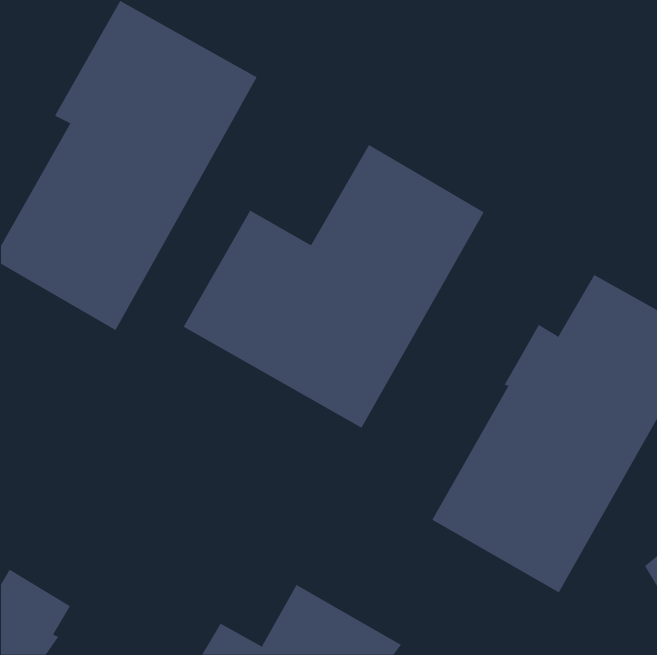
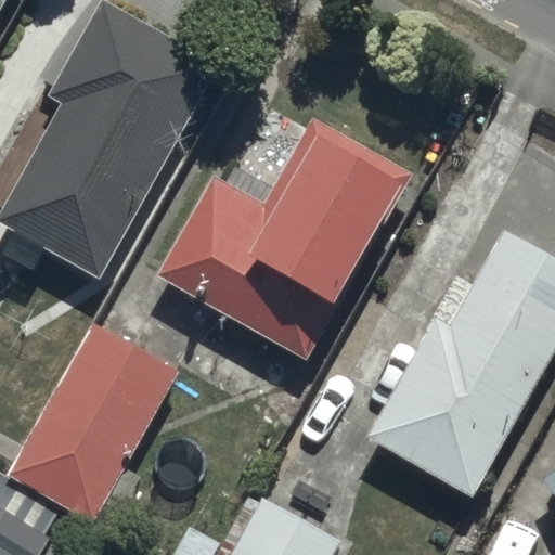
building: none -> [7,323,179,529]

